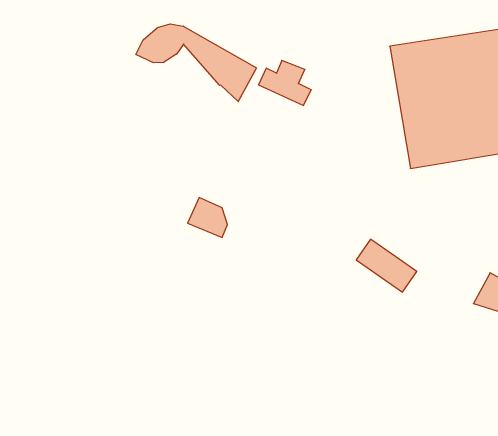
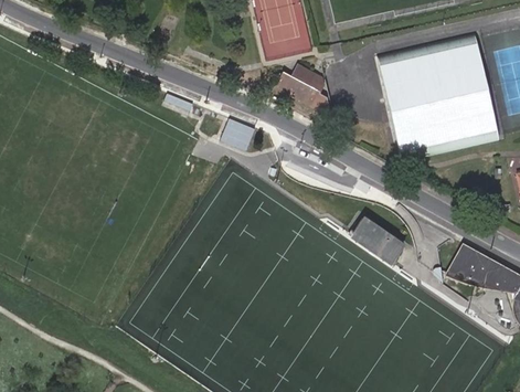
building: [136,24,256,102] -> none
building: [188,198,227,237] -> [219,120,253,155]

